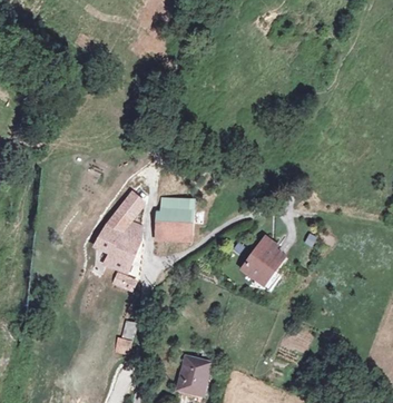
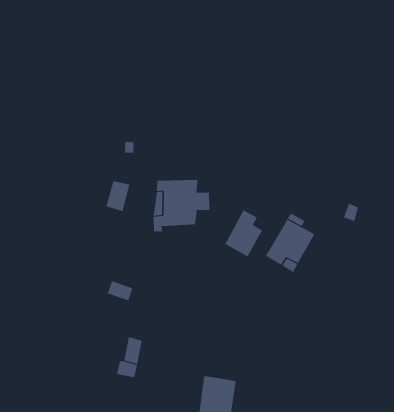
building: [94,224,141,273] -> none
building: none -> [225,210,263,257]

